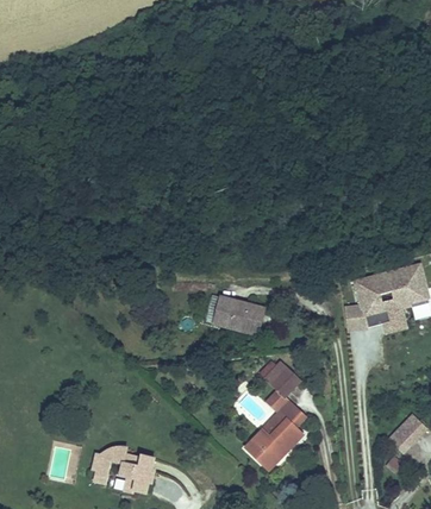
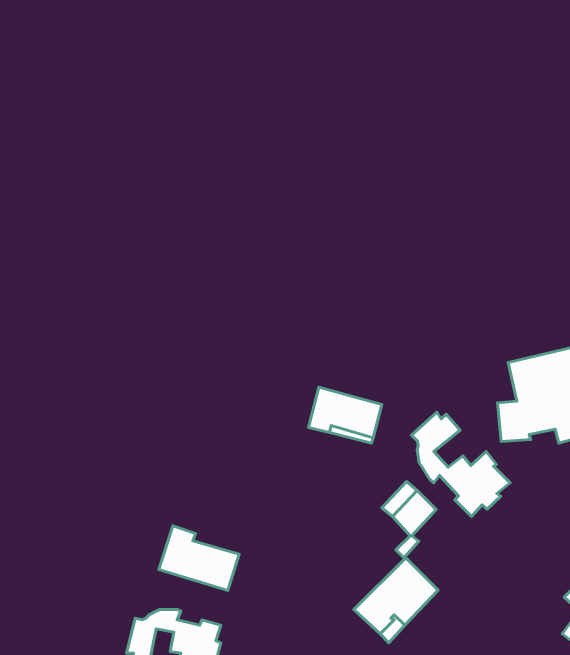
building: none -> [411,412,510,517]
building: none -> [159,526,239,590]

